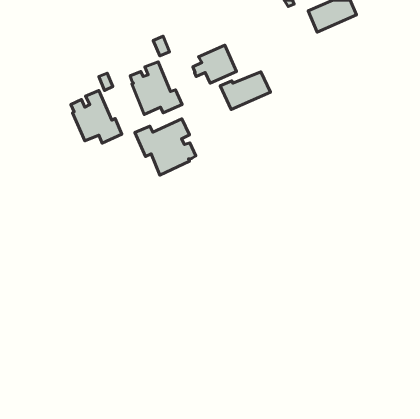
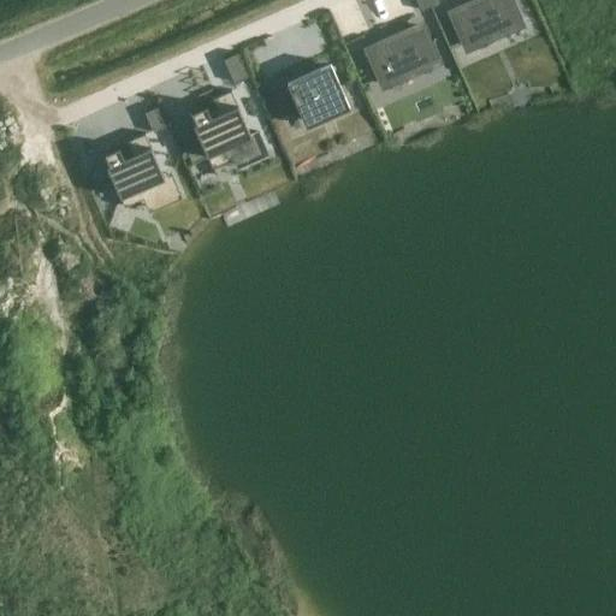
building: [220,72,271,110] -> [366,30,439,85]
building: [135,119,196,175] -> none

